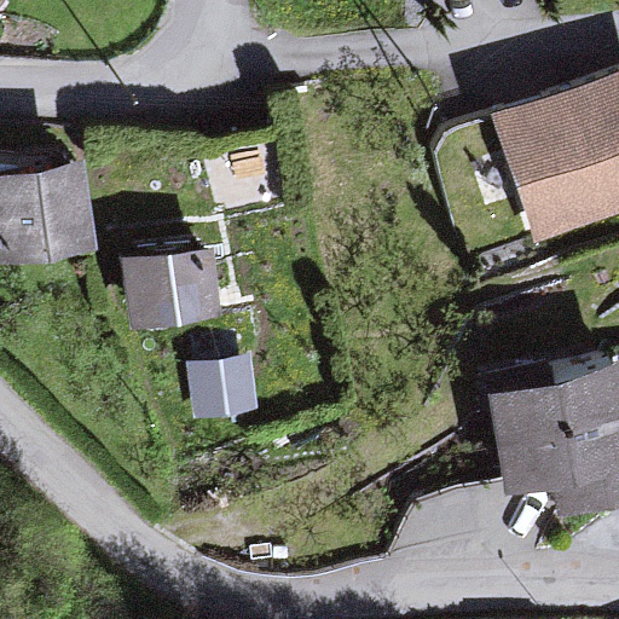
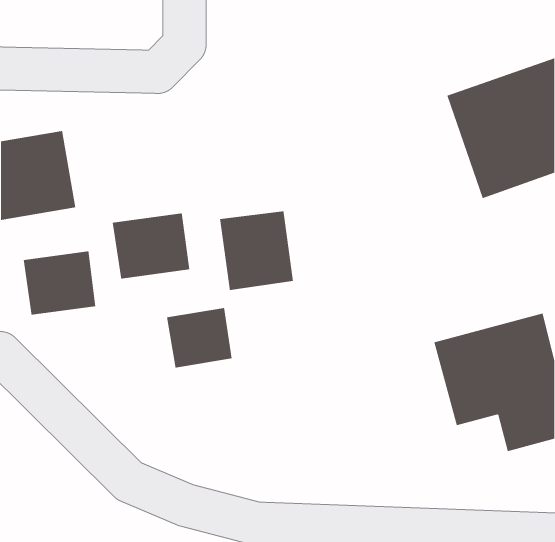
building: none -> [219,210,293,291]
building: none -> [23,250,96,316]

